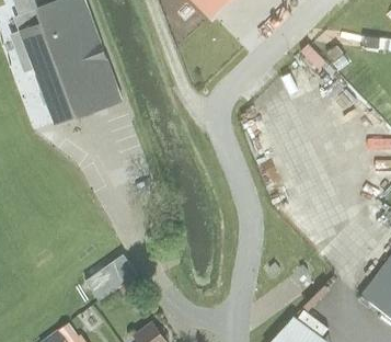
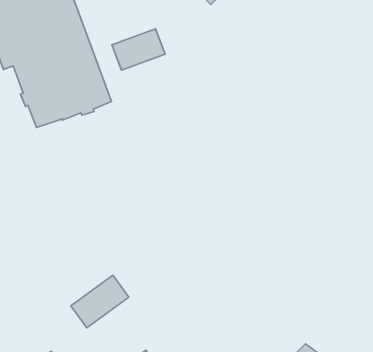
building: none -> [112,29,165,70]

